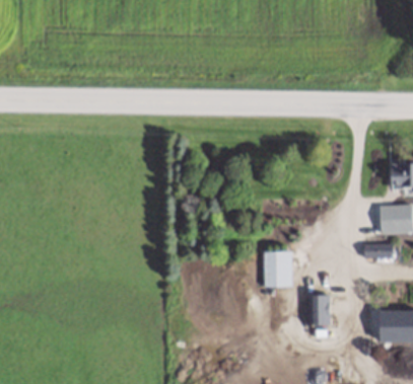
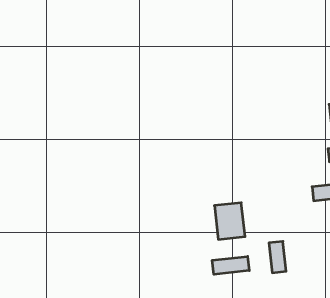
building: none -> [212,256,249,274]

